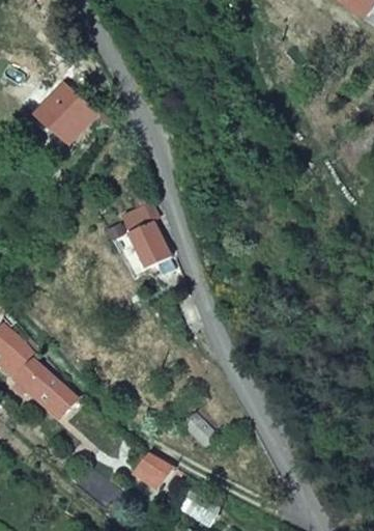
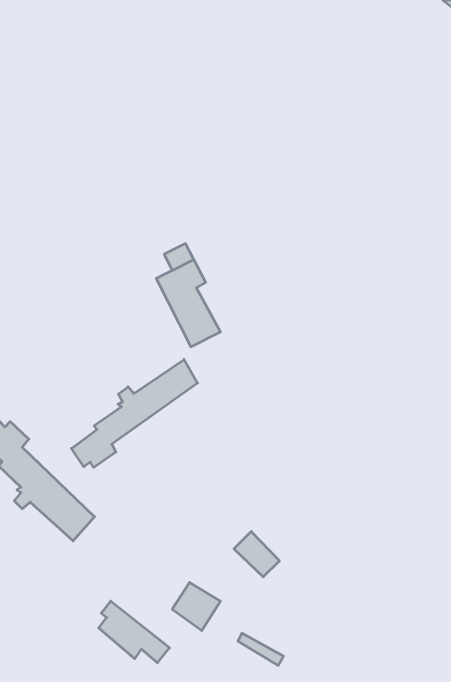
building: [37,89,86,136] -> none
building: none -> [71,359,198,467]

